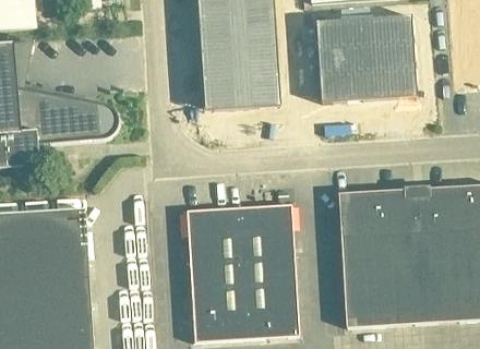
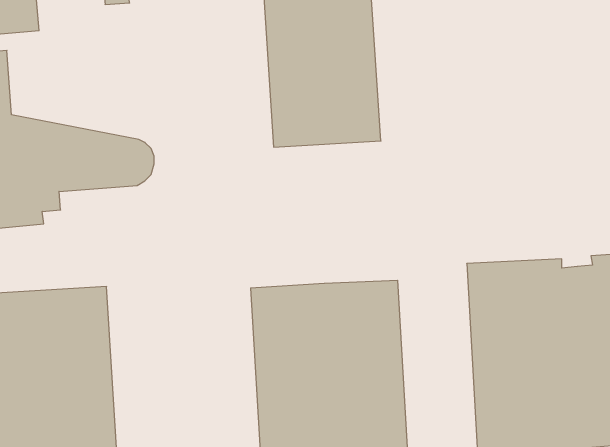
building: [317,14,419,101] -> none

